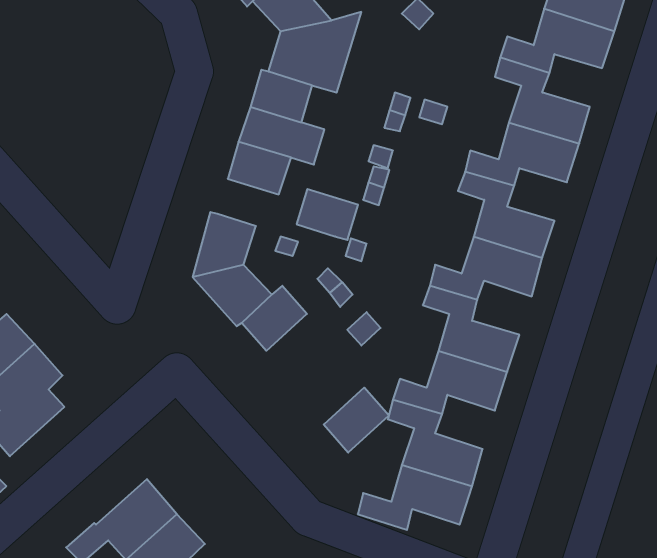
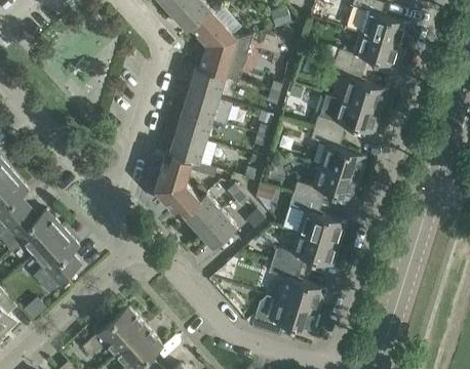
building: [297,189,358,240] -> [169,132,205,162]
building: [324,388,389,453] -> [198,211,236,249]

